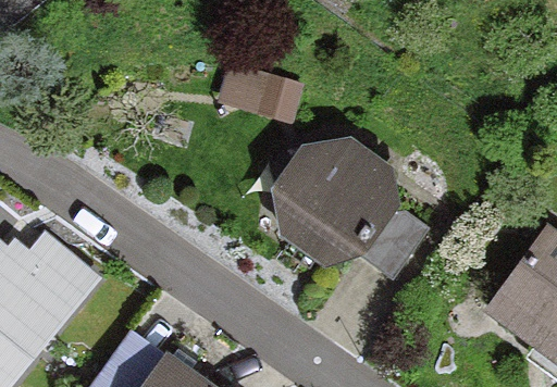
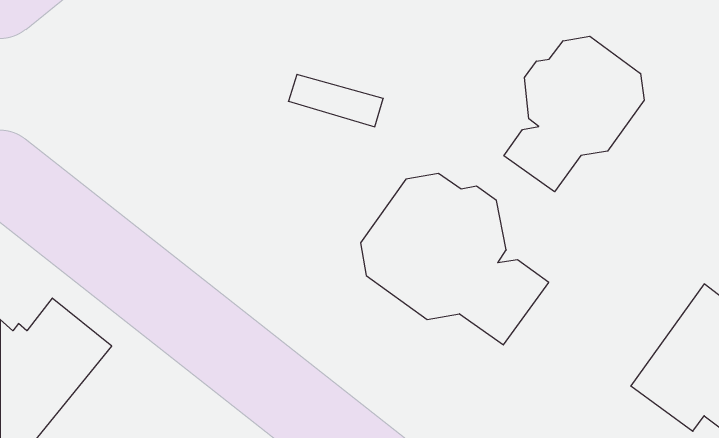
building: none -> [504,36,644,192]

